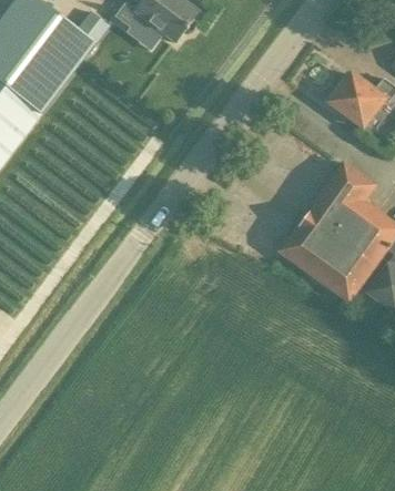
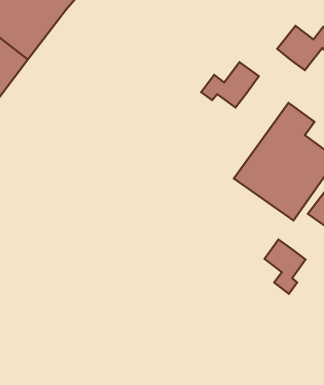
building: none -> [201,62,259,108]
building: none -> [264,239,306,294]

